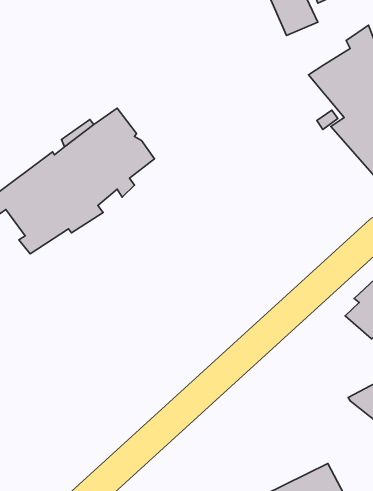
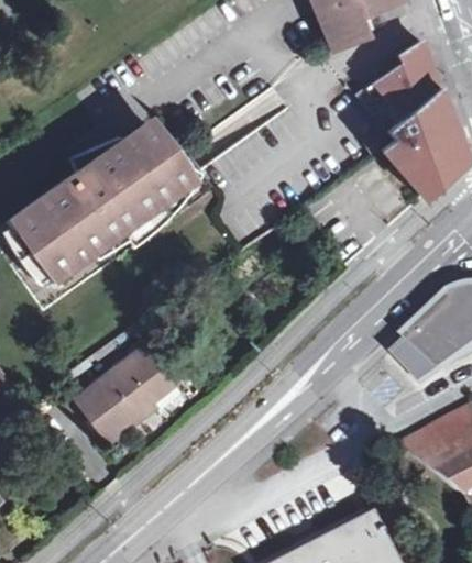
building: none -> [78,343,174,438]

